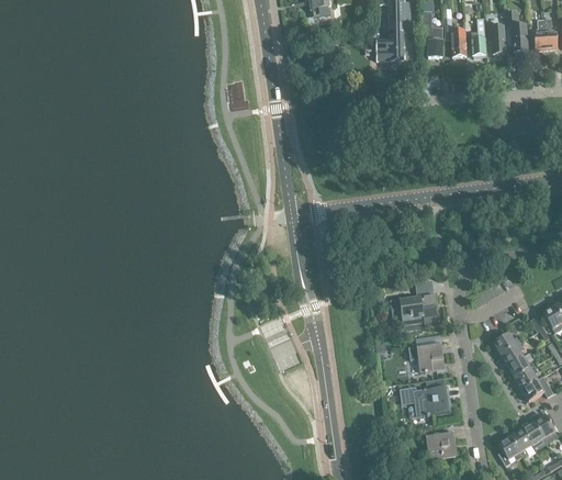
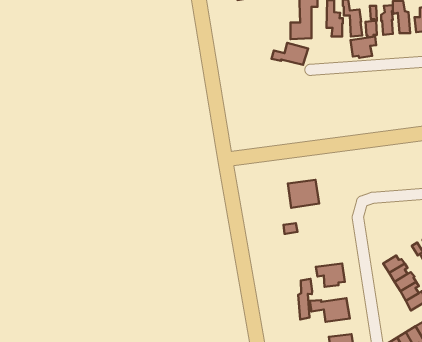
building: none -> [351,37,376,58]
building: none -> [271,43,308,65]
building: [398,294,438,330] -> [288,180,319,208]
building: none -> [298,279,312,319]

